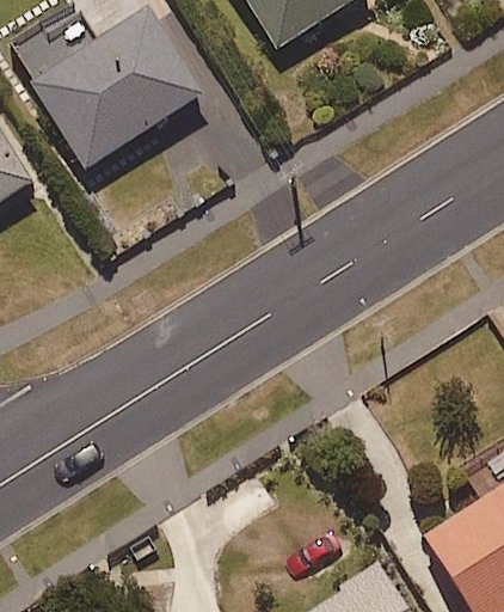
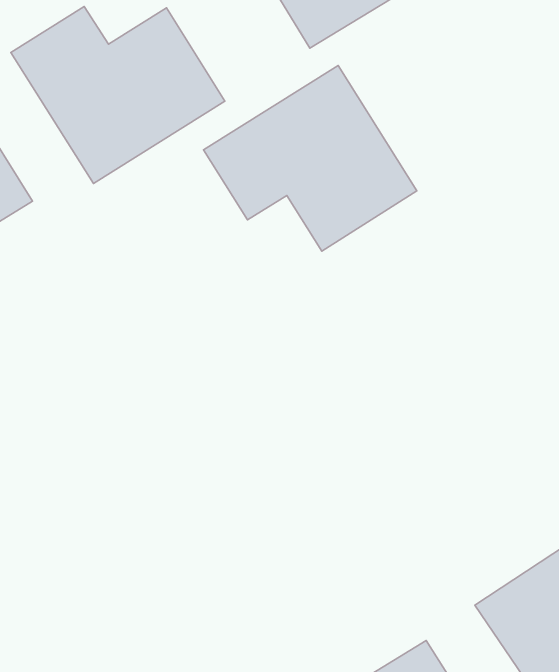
building: none -> [203,65,417,251]

